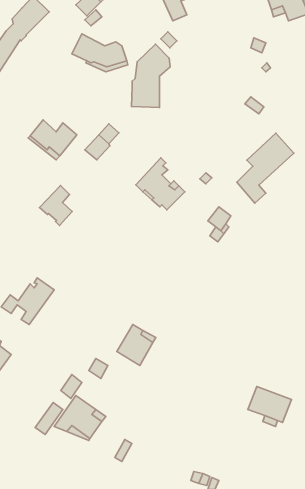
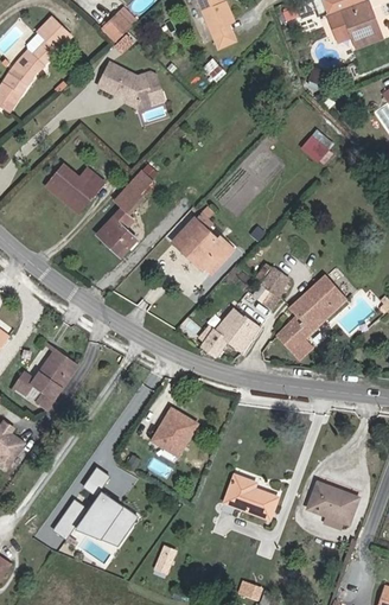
building: [131,44,170,107] -> none
building: [237,133,294,203] -> [276,275,344,358]
building: [39,186,72,225] -> [96,208,135,255]
building: none -> [200,307,259,356]
building: none -> [223,473,276,518]

